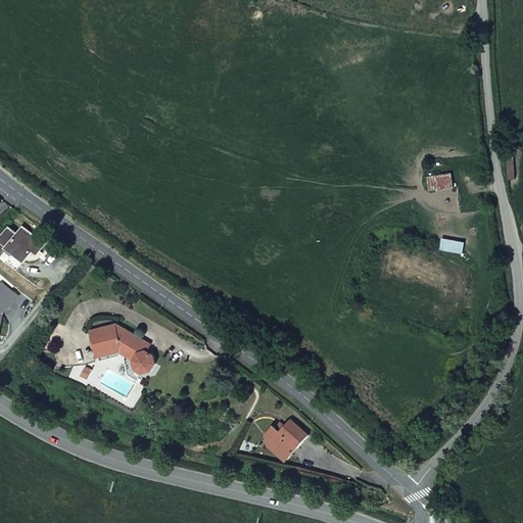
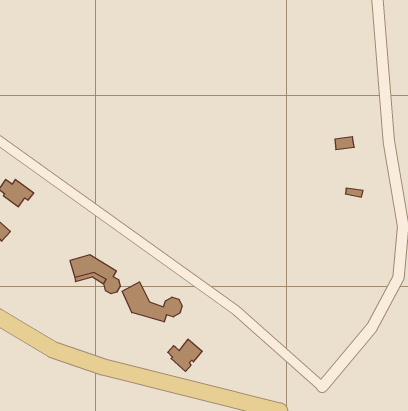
building: none -> [122,282,182,322]
building: [260,419,304,460] -> [168,339,202,371]

